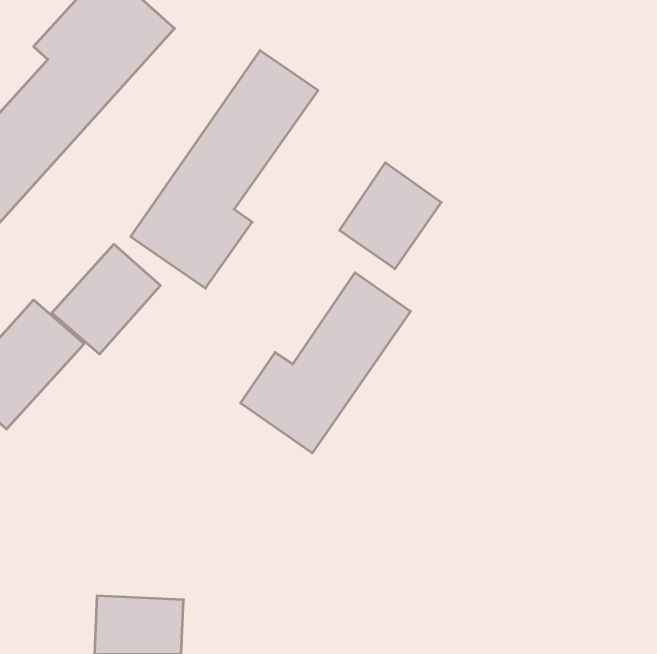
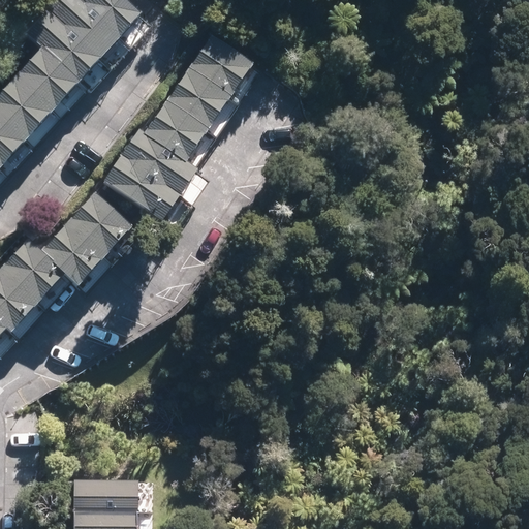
building: [340,163,441,269] -> none
building: [241,273,411,453] -> none

